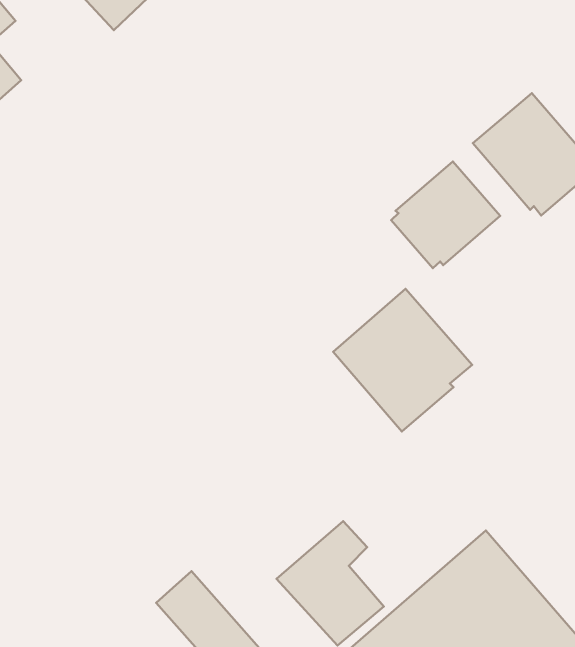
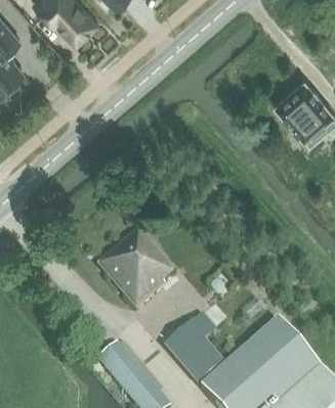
building: [391,162,500,268] -> none
building: [333,289,472,432] -> [99,231,176,310]

